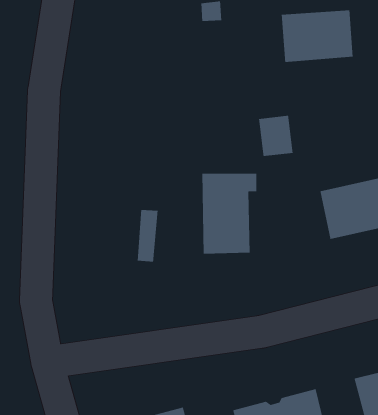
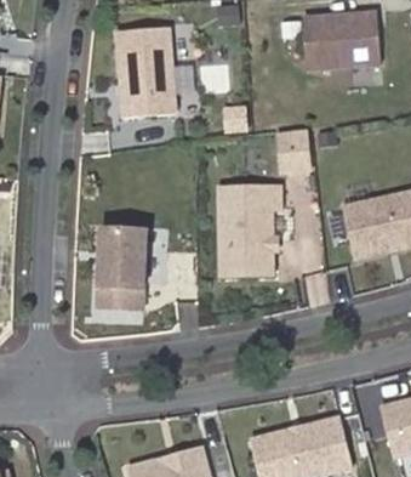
building: none -> [115,24,175,115]
building: none -> [96,226,145,307]

